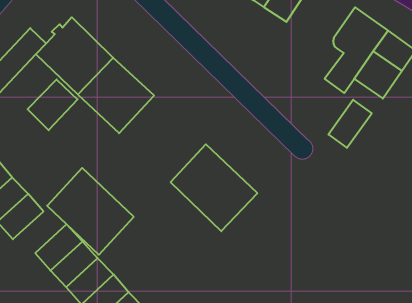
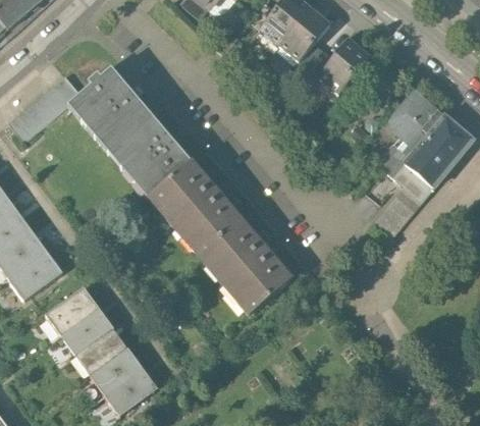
building: none -> [394,163,435,202]
building: [28,79,78,130] -> none
building: [47,168,134,255] -> [149,159,241,254]

